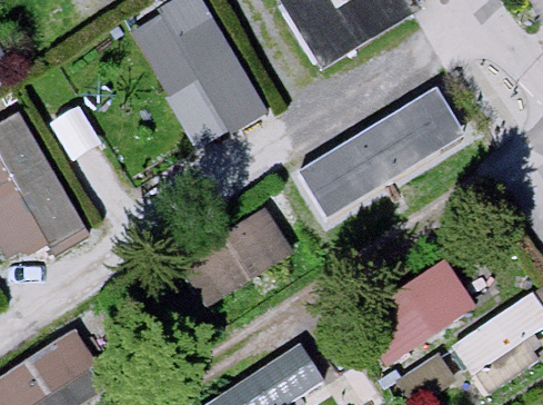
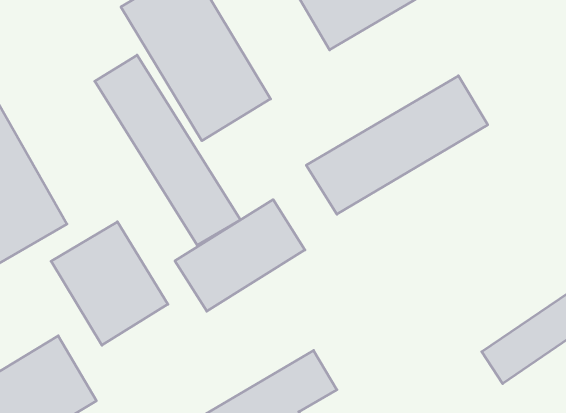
building: none -> [95,55,241,245]
building: none -> [51,222,168,345]
building: [358,254,481,364] -> none

